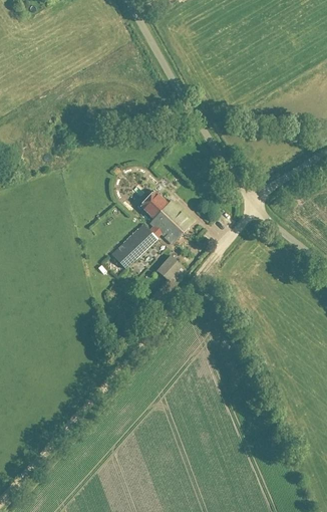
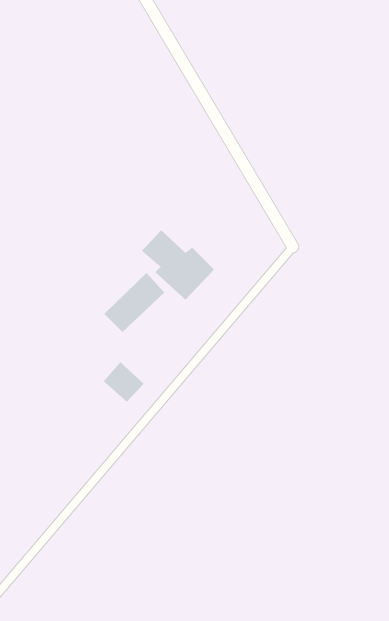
building: [156,254,188,285] -> [103,361,144,403]

